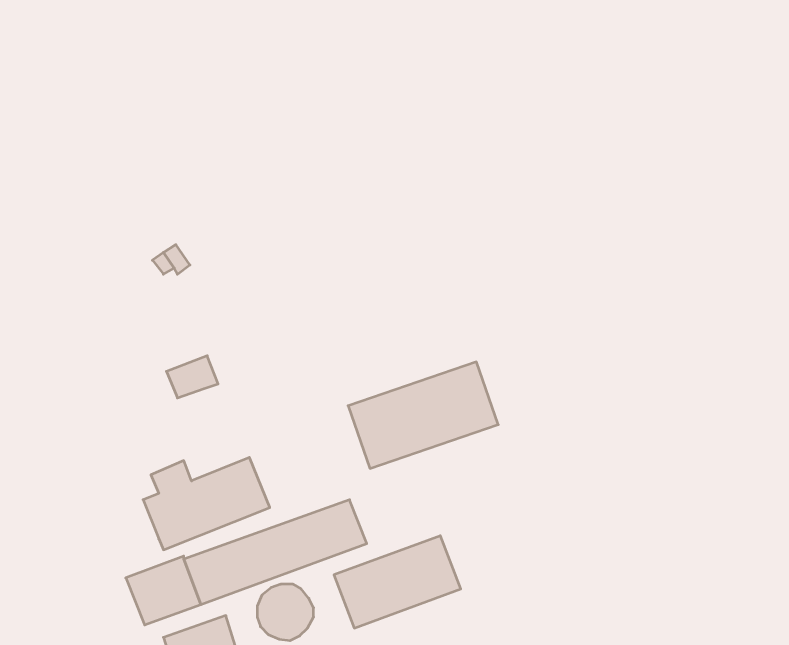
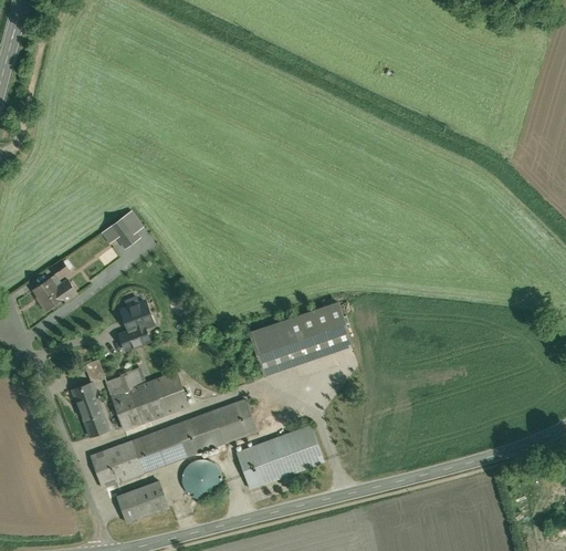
building: none -> [31,258,76,311]
building: none -> [118,320,151,350]
building: none -> [67,381,113,437]

